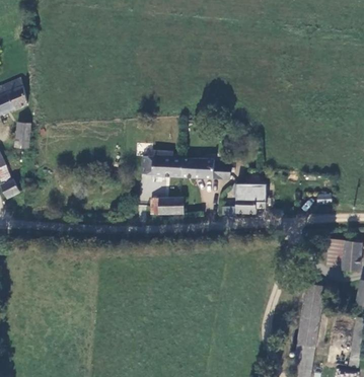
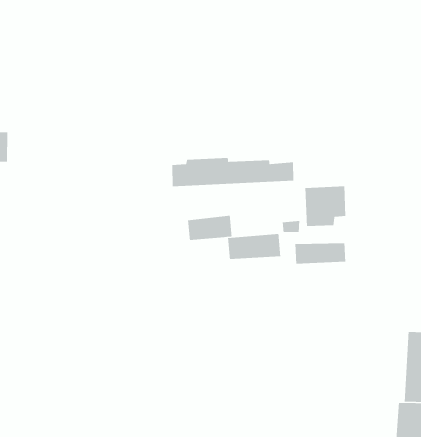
building: none -> [227,233,281,260]
building: none -> [295,242,346,264]

